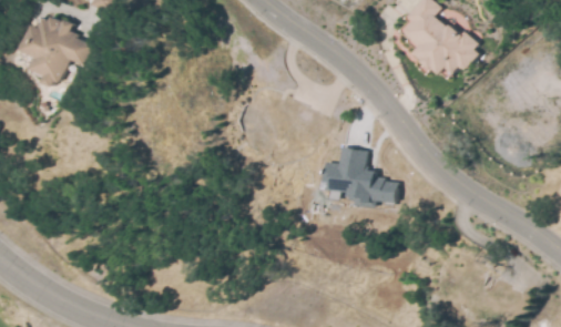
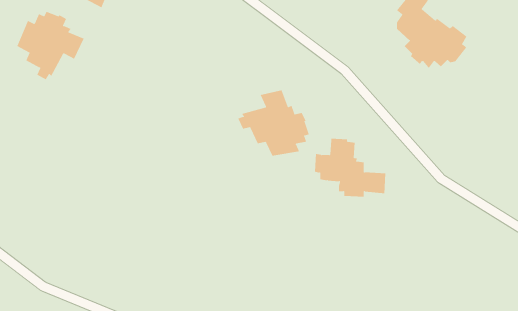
building: none -> [238,90,309,156]

